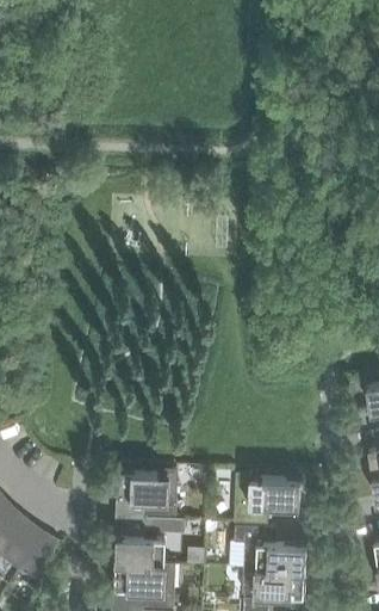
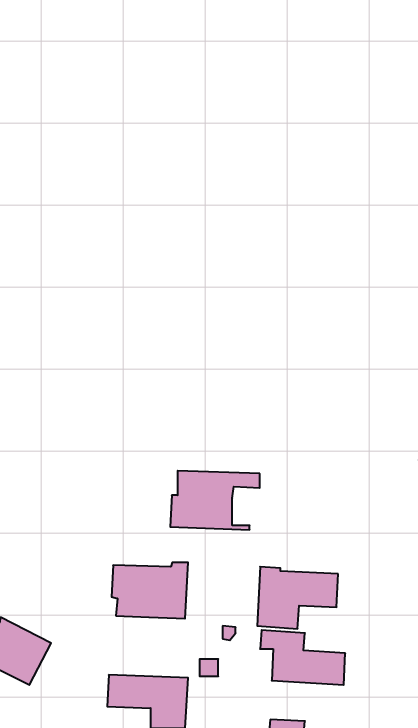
building: [111,519,185,568] -> [170,471,260,530]
building: [244,570,305,600] -> none

